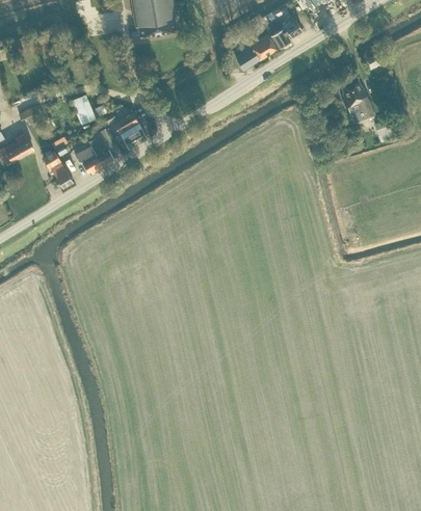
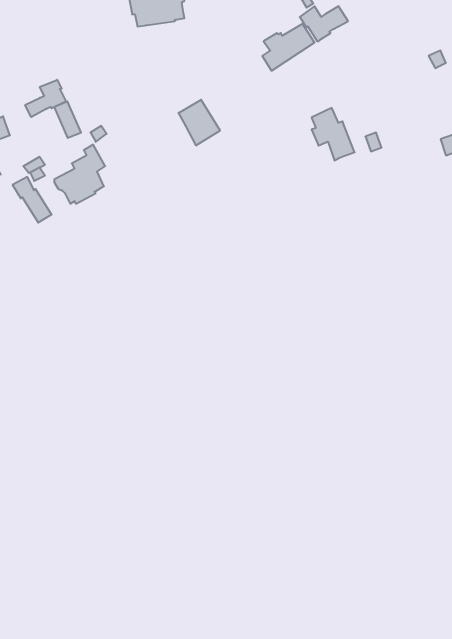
building: none -> [25,80,66,117]
building: [341,78,374,118] -> [312,108,355,160]
building: [114,112,147,147] -> [178,100,220,145]

